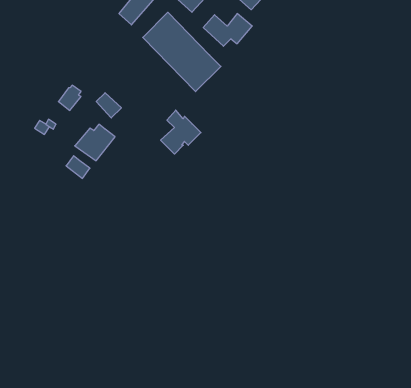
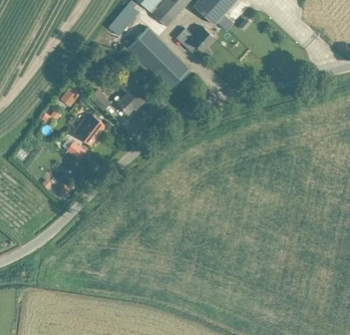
building: [161,110,201,154] -> [115,79,147,114]

